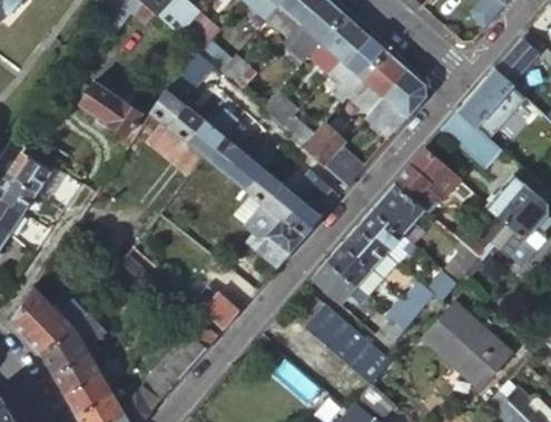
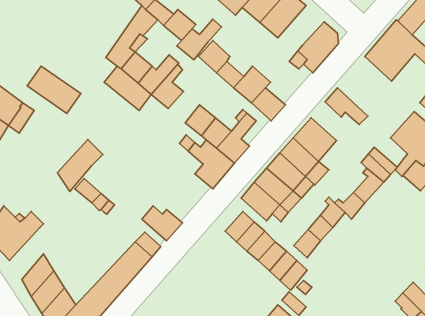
building: [351,51,409,99] -> none
building: [80,81,144,137] -> [27,66,81,113]
building: [441,111,500,168] -> none
building: [225,141,277,189] -> [177,19,221,60]
building: [393,165,441,214] -> none
building: [423,304,512,391] -> none
building: [38,313,91,374] -> [58,140,103,191]

